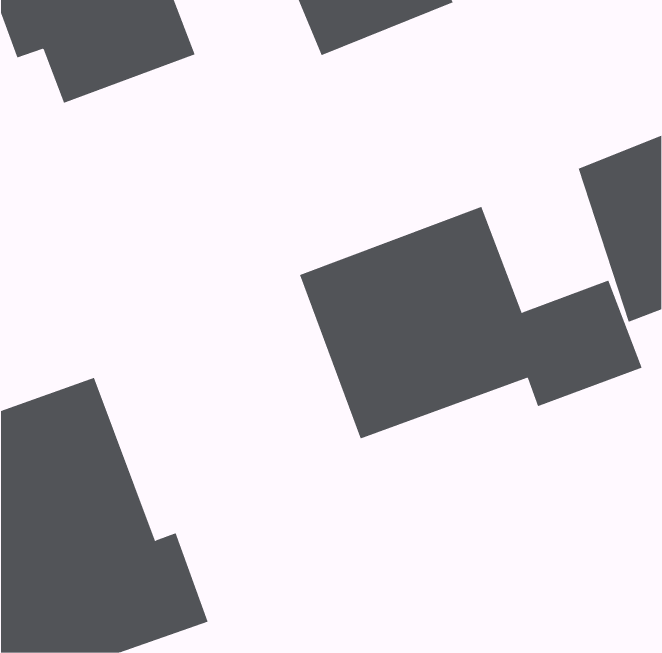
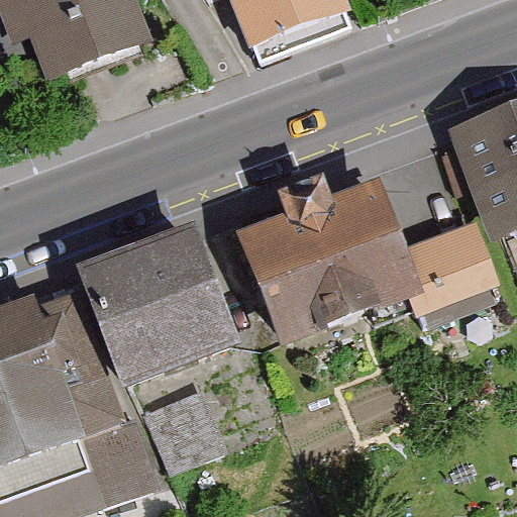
building: none -> [83,244,237,401]
building: none -> [148,393,227,473]

